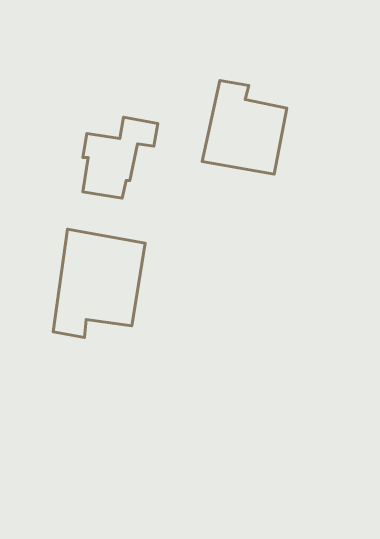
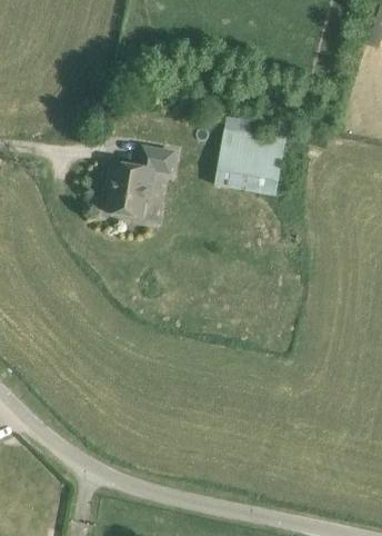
building: [53,229,145,337] -> none

